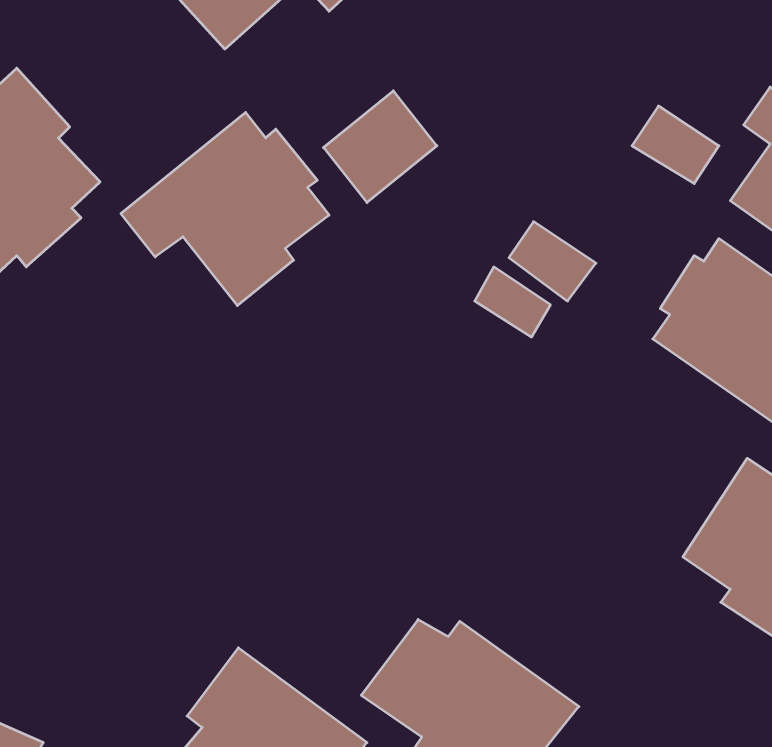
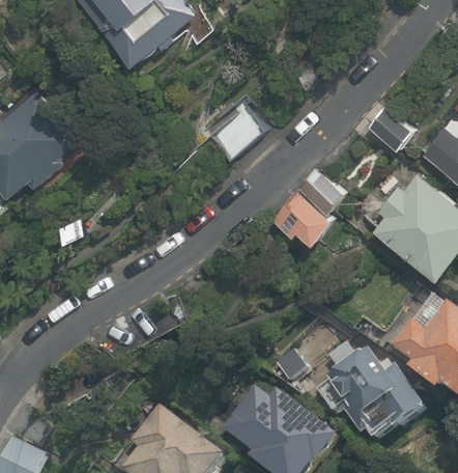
building: [121,112,329,306] -> none
building: none -> [316,347,432,449]

